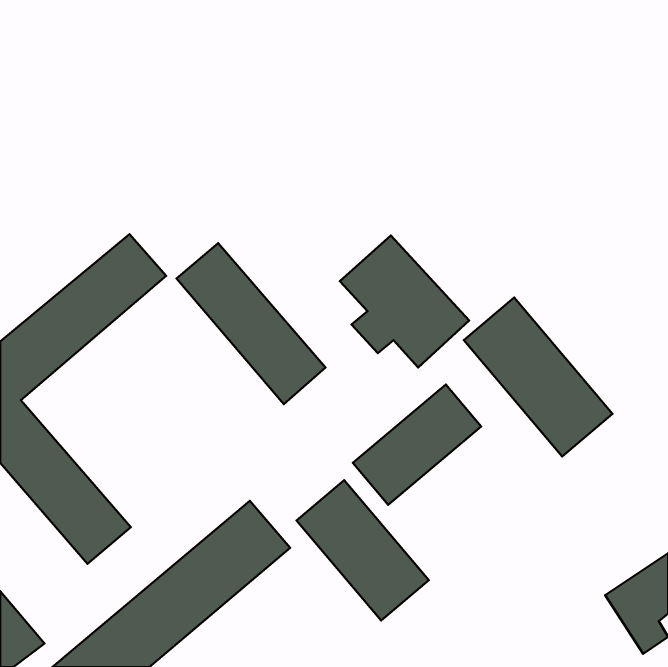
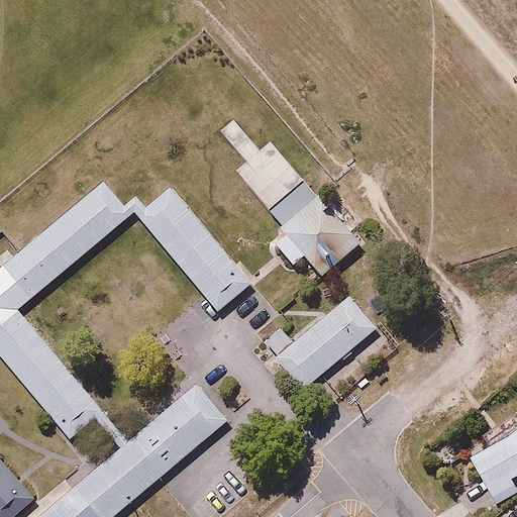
building: [464,298,612,457] -> none
building: [297,480,429,621] -> none

